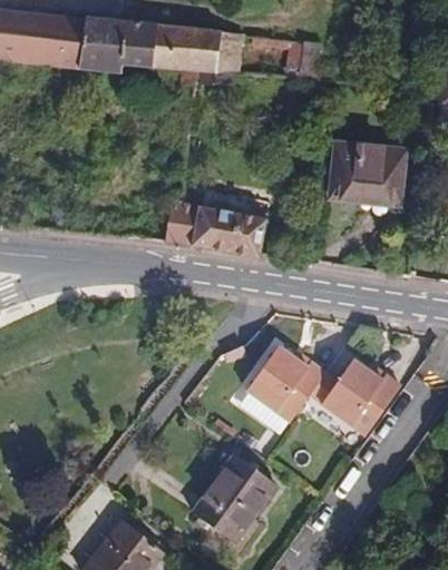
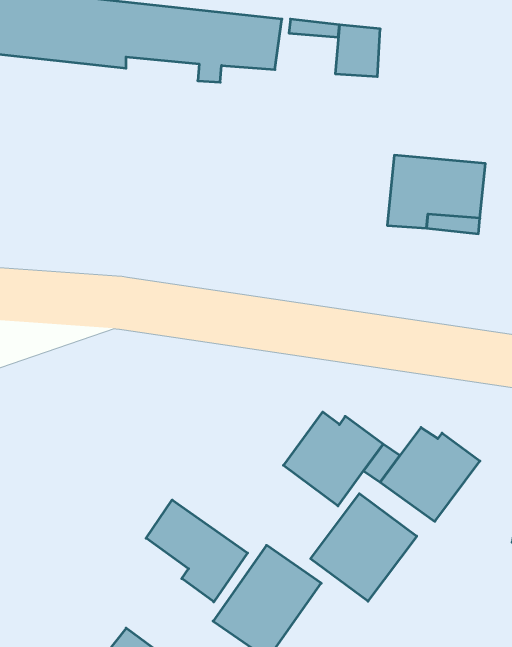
building: [166,199,267,258] -> none
building: none -> [311,494,417,601]
building: none -> [146,500,248,602]

